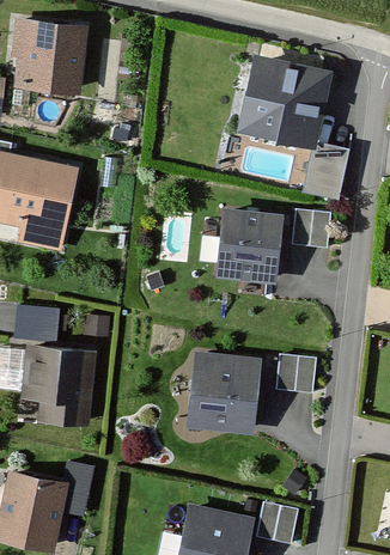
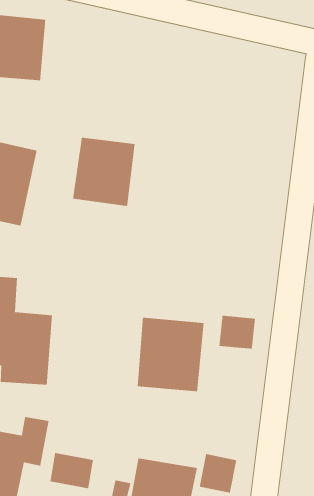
building: [237,53,347,200] -> none
building: [215,207,285,283] -> [72,137,136,207]
building: [288,209,328,249] -> none
building: none -> [49,452,94,489]

